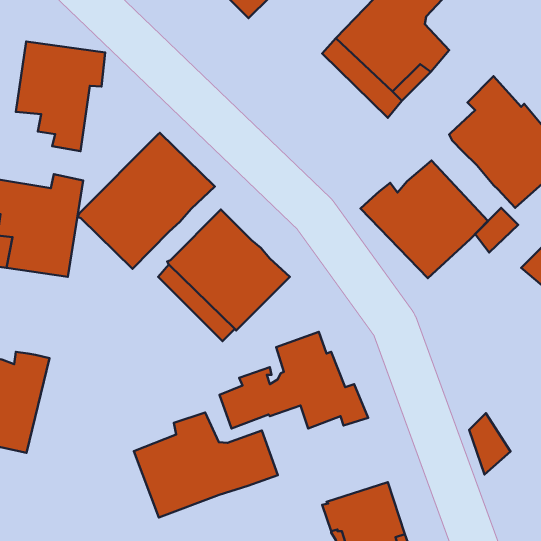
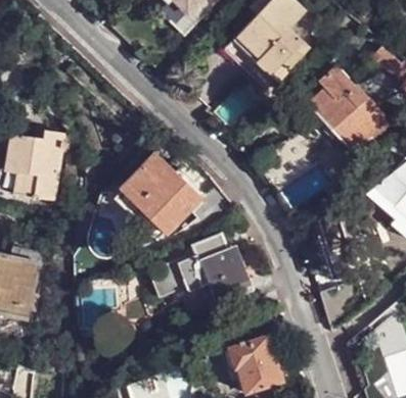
building: [16,42,105,151] -> none
building: [77,133,215,269] -> none
building: [361,161,488,278] -> none
building: [134,413,278,518] -> none

